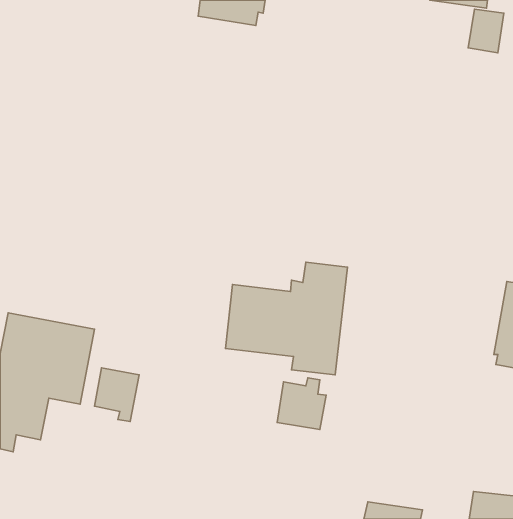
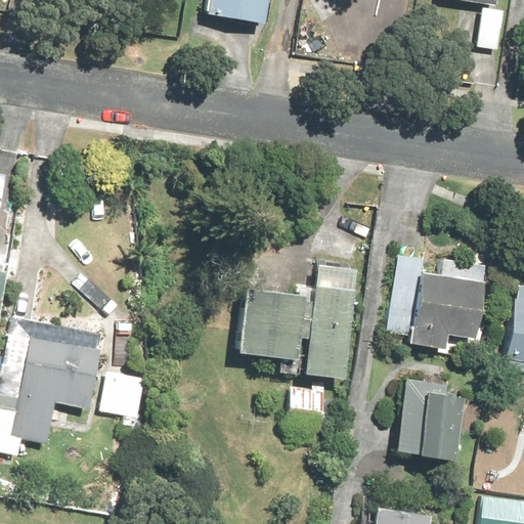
building: none -> [388,254,487,348]
building: none -> [394,378,468,460]

